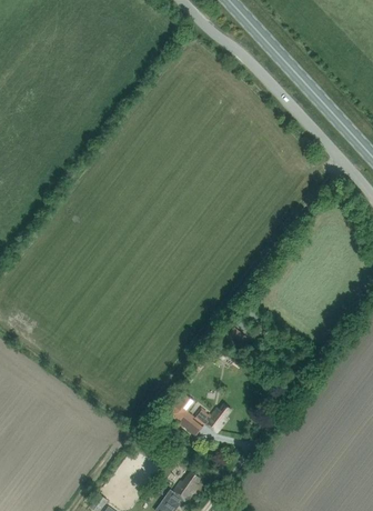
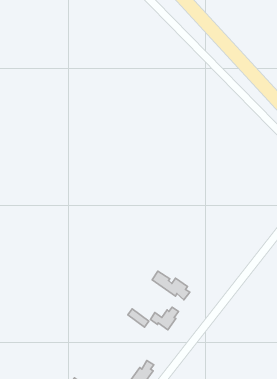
building: none -> [152,271,190,300]

